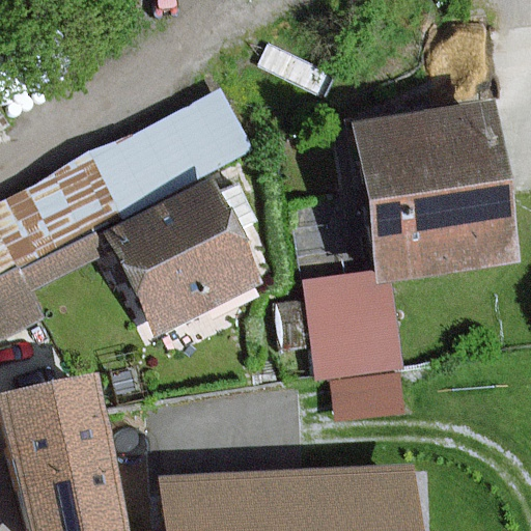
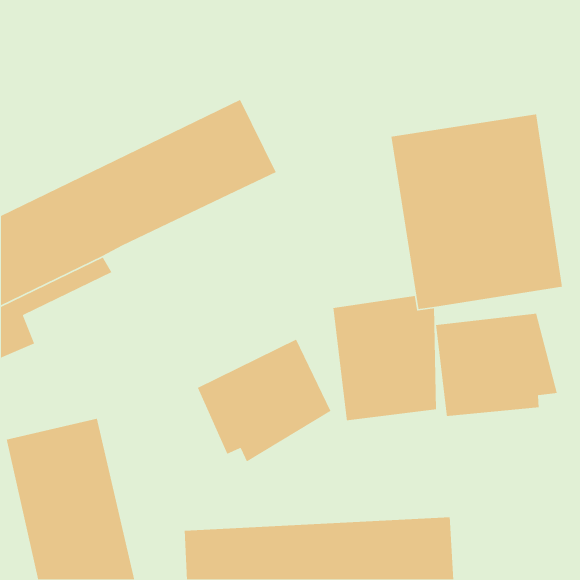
building: [112,178,259,327] -> none
building: none -> [435,313,558,417]
building: none -> [197,339,331,463]

